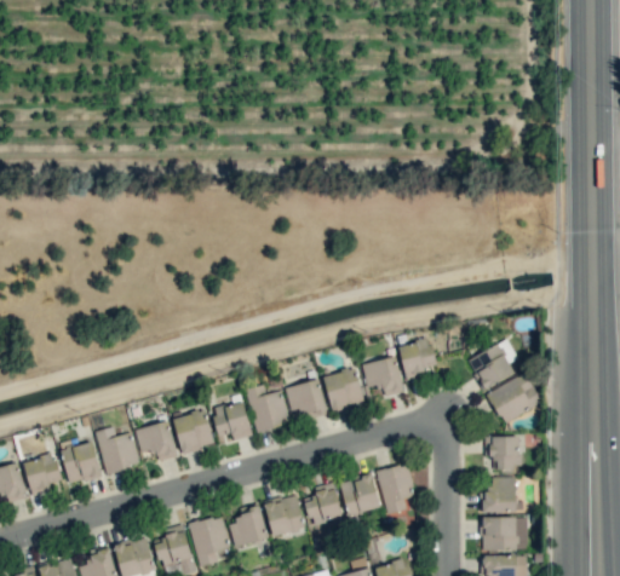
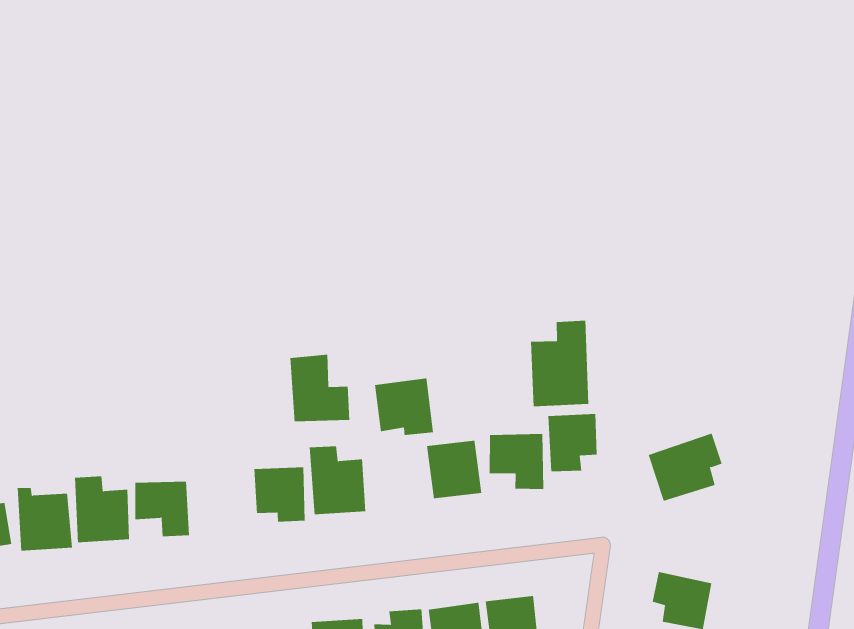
building: none -> [530,320,589,407]
building: none -> [290,354,350,422]
building: [487,373,541,424] -> none
building: [285,379,328,419] -> [374,378,434,435]
building: [174,410,213,453] -> none

